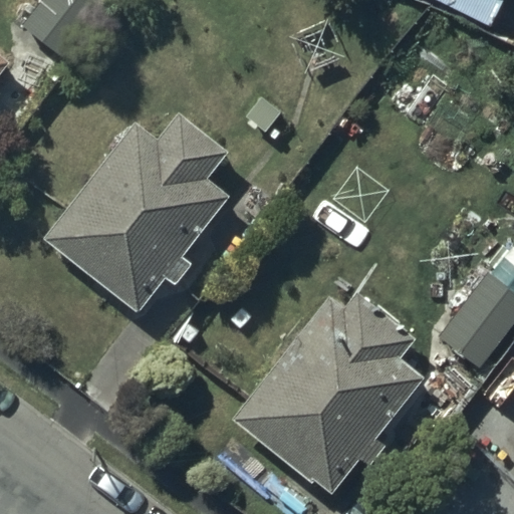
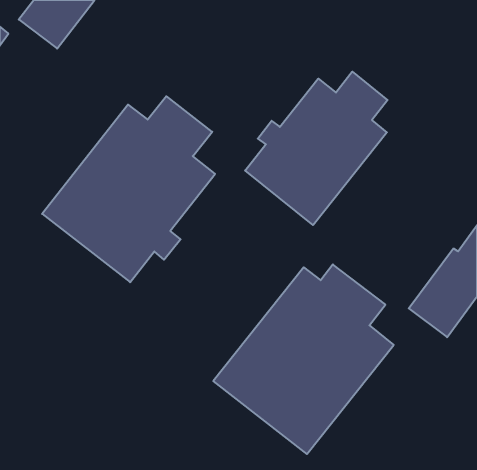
building: none -> [245,72,388,225]

